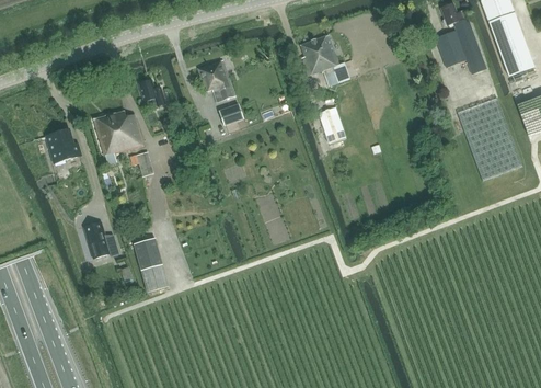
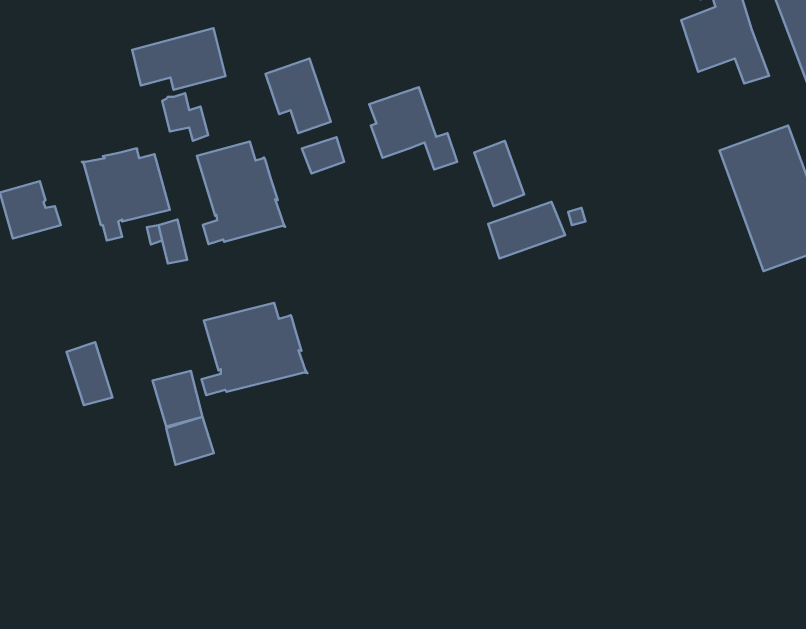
building: [300,35,350,82] -> [369,87,457,169]
building: none -> [132,28,225,90]
building: none -> [197,141,285,244]
building: none -> [488,202,565,258]
building: none -> [202,303,307,395]

